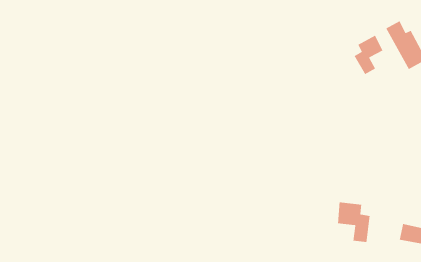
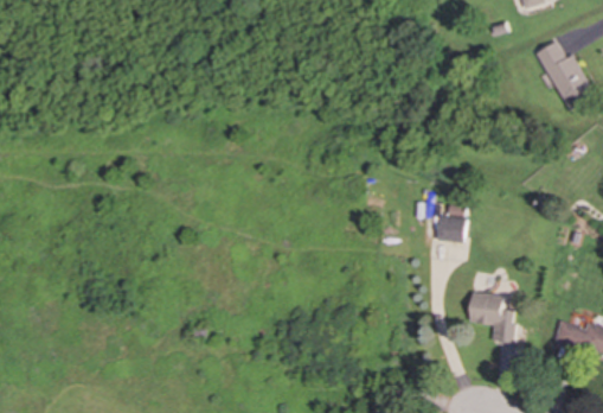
building: [354,35,383,75] -> none
building: none -> [428,214,466,240]

